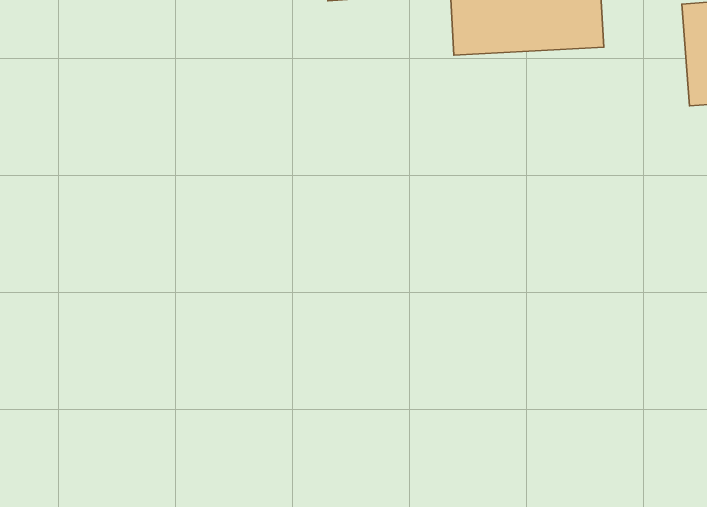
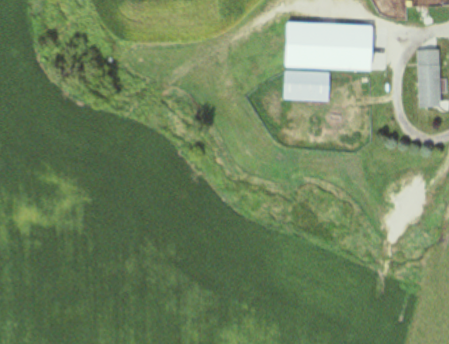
building: none -> [283,69,329,99]

